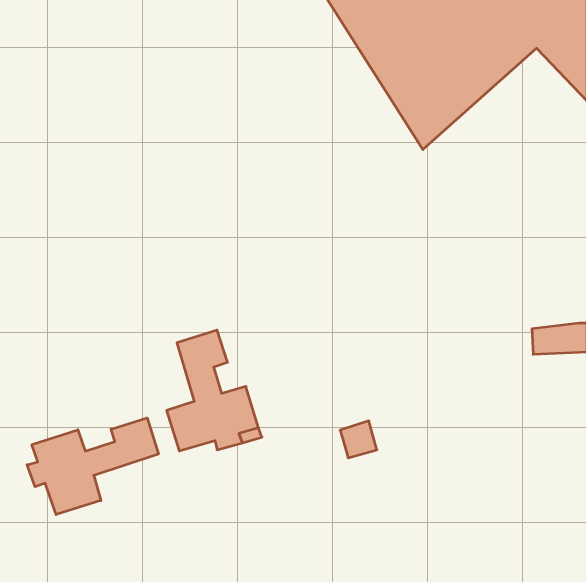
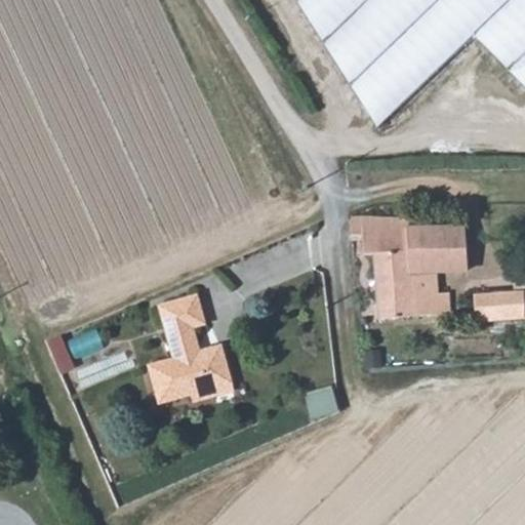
building: none -> [352,213,466,315]
building: [27,418,158,515] -> none

